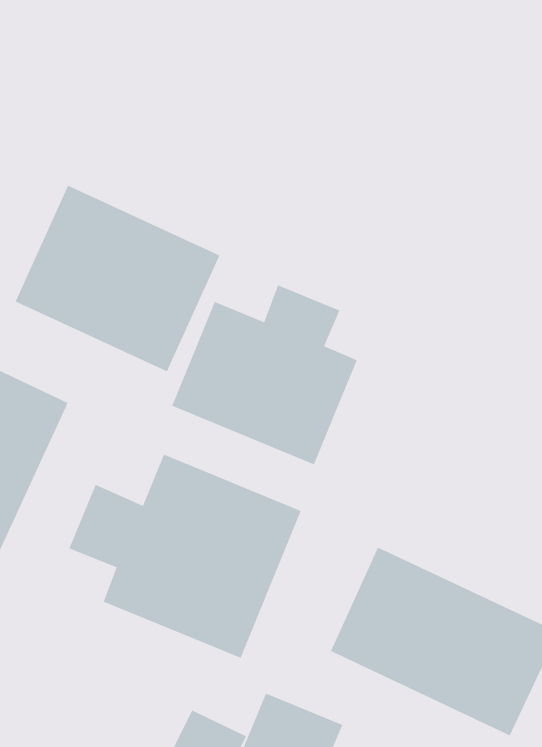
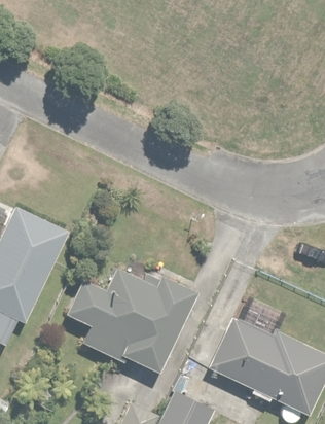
building: [15,185,220,372] -> none
building: [171,285,358,465] -> none

